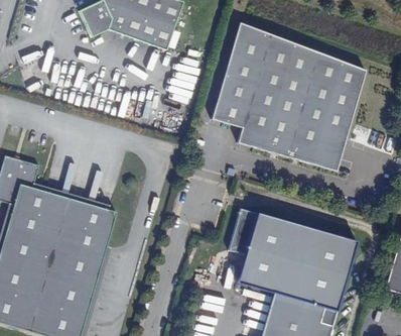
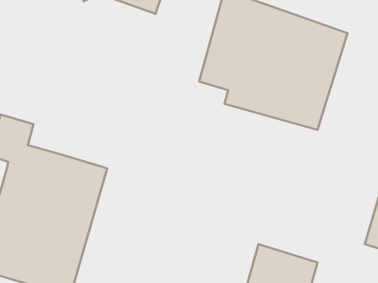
building: [229,205,356,309] -> none

